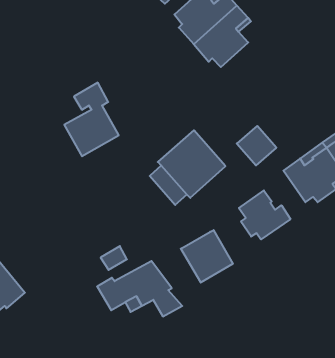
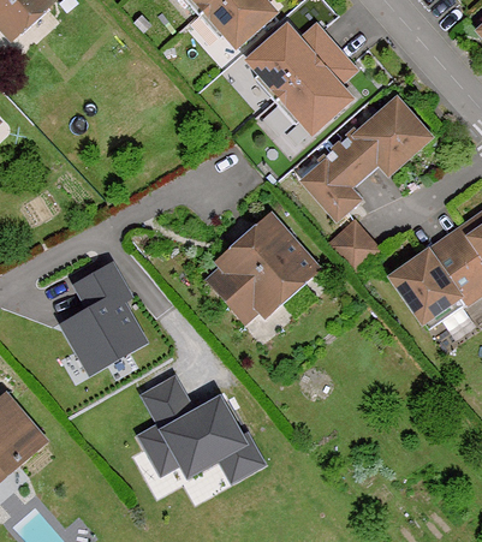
building: none -> [303,101,428,220]
building: [64,83,119,156] -> [67,266,142,367]
building: [239,190,290,239] -> none
building: [181,230,233,283] -> none

